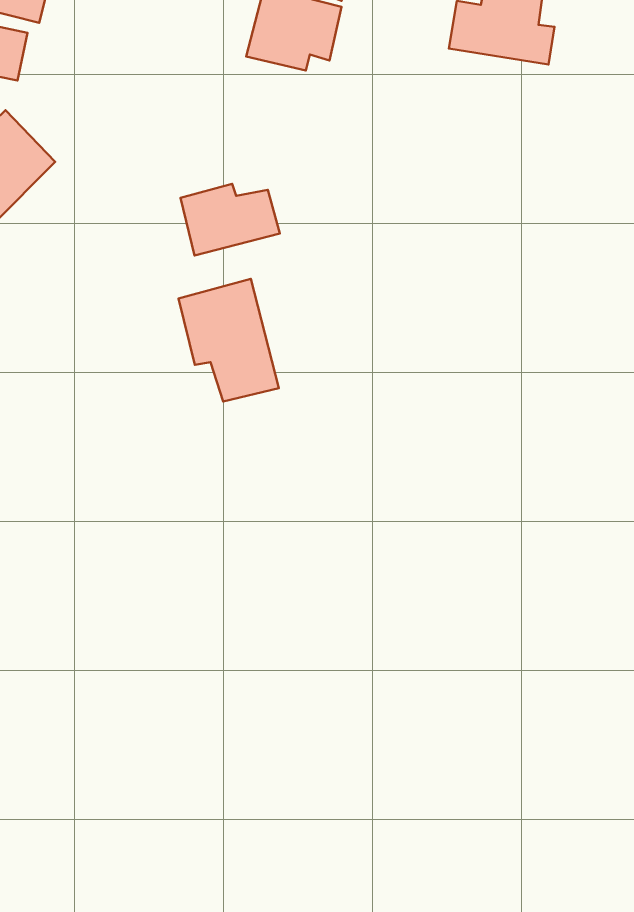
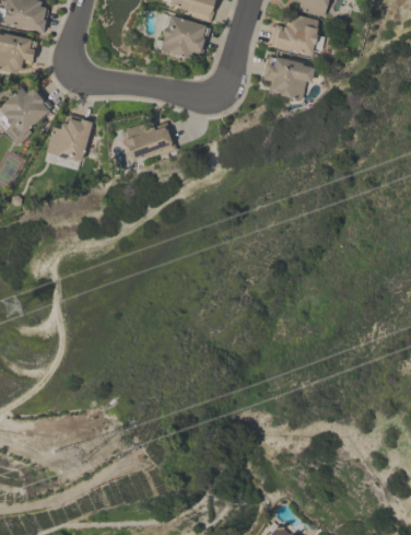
building: none -> [263,56,314,103]
building: none -> [45,115,92,170]
building: [179,279,279,402] -> none

